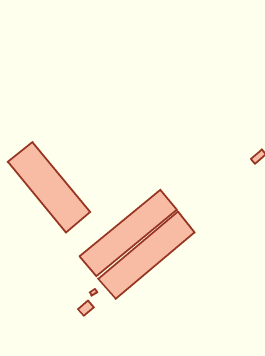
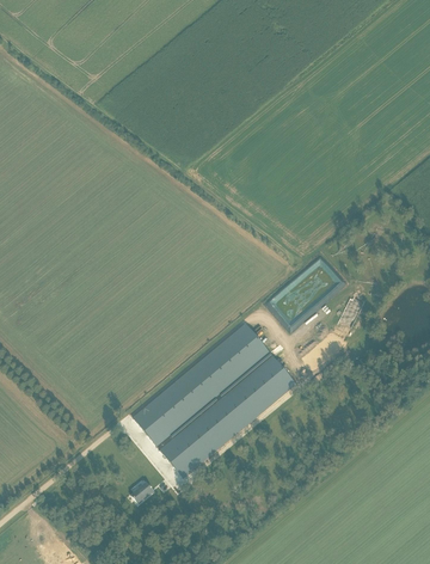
building: [8,142,90,233] -> none

